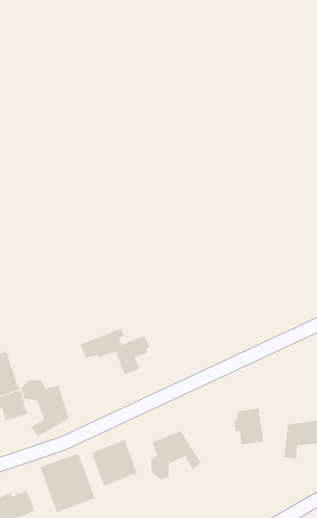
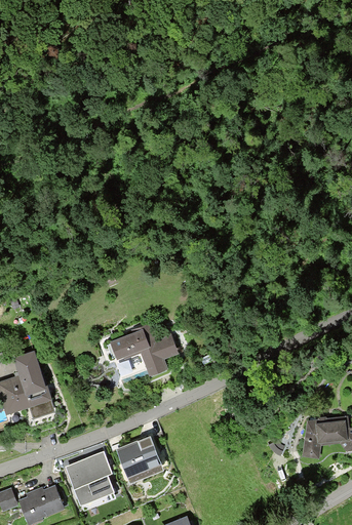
building: [21,379,69,437] -> none
building: [234,408,264,445] -> none
building: [150,430,201,480] -> none

